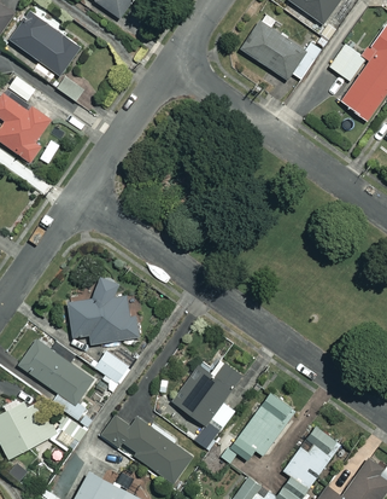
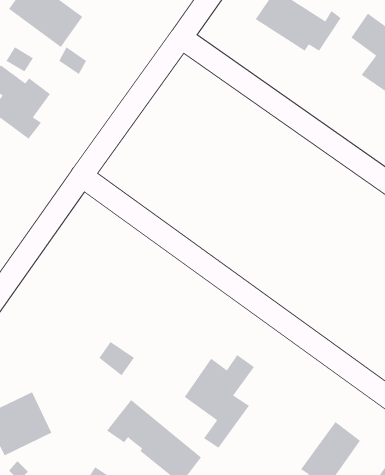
building: [68,278,139,344] -> none
building: [18,338,95,420] -> none
building: [222,394,291,464] -> none

